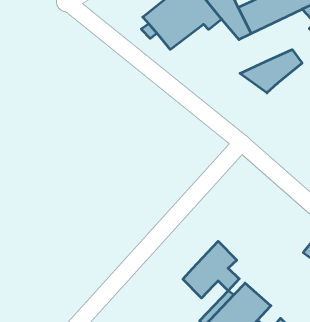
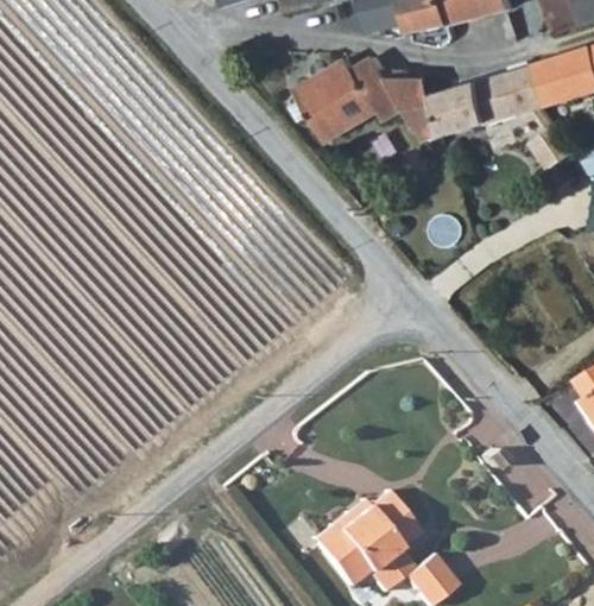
building: [240,50,302,93] -> none
building: [183,241,239,298] -> none

